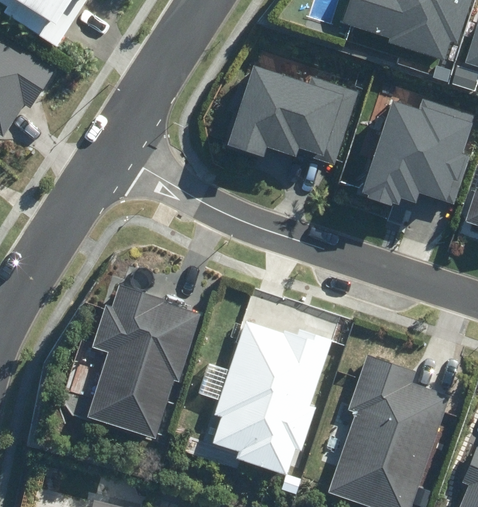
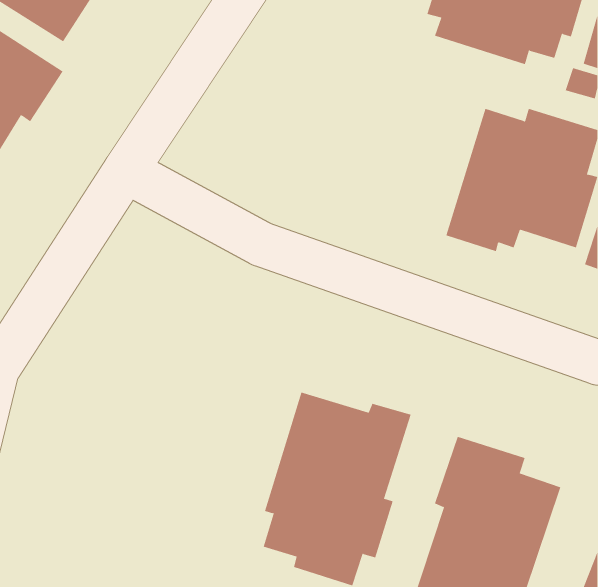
building: [227,66,359,165] -> none
building: [87,283,197,438] -> none

